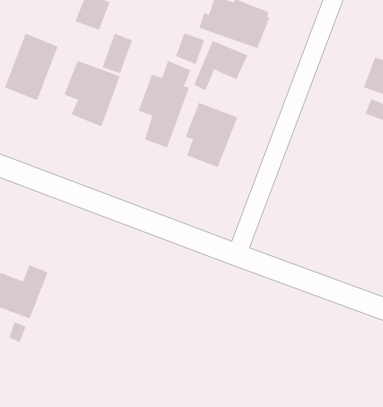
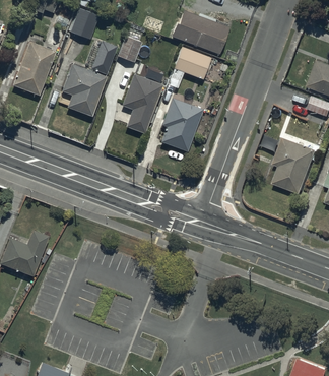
building: [175,33,205,65] -> [117,37,141,63]
building: none -> [271,137,317,195]

